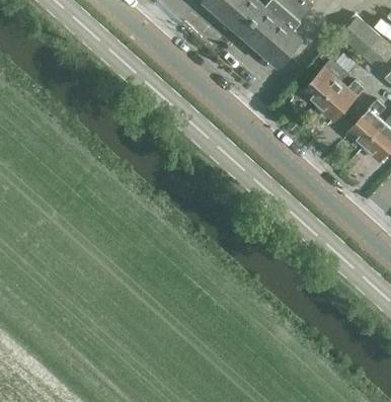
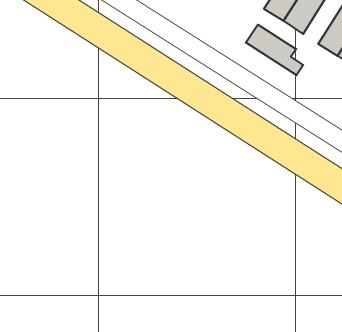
building: none -> [246,25,303,75]

